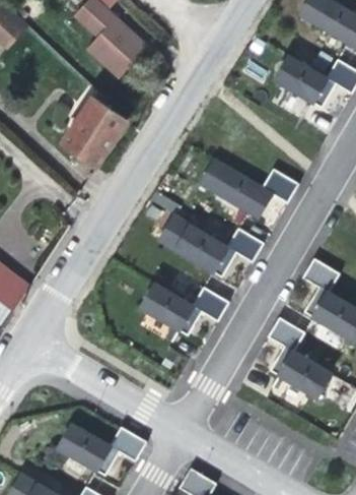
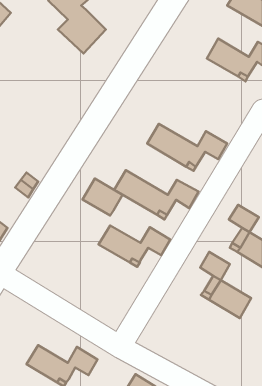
building: [67,77,126,166] -> none
building: none -> [83,179,122,215]

